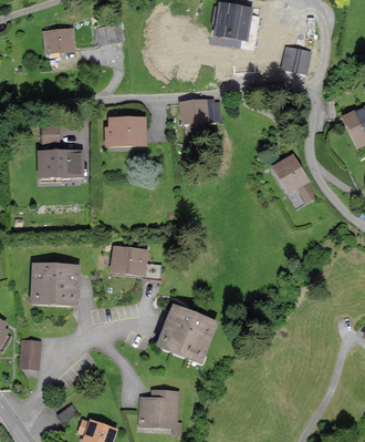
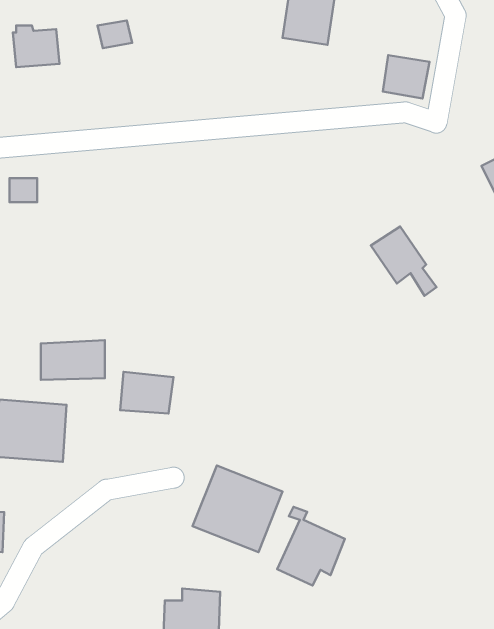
building: [174,101,213,126] -> none
building: [105,121,145,148] -> none
building: [40,154,81,179] -> [41,340,105,380]
building: none -> [277,507,345,586]

